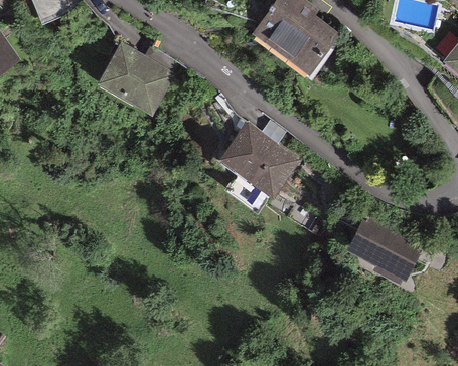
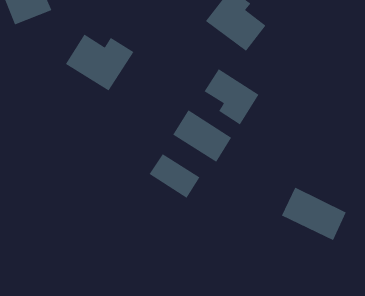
building: none -> [203,68,259,125]
building: none -> [148,153,201,199]

